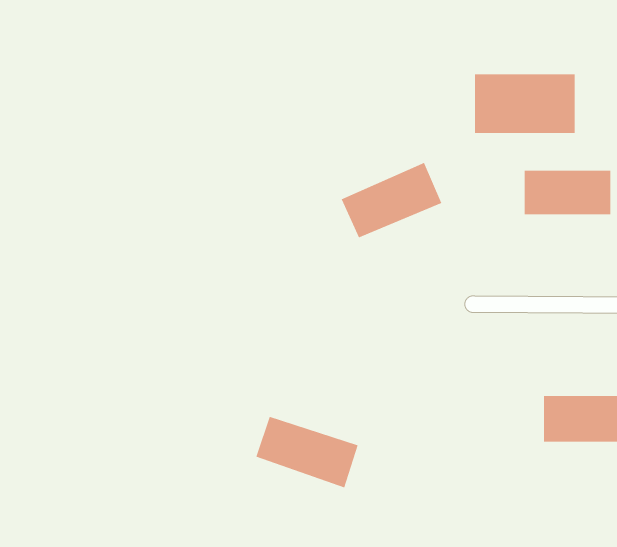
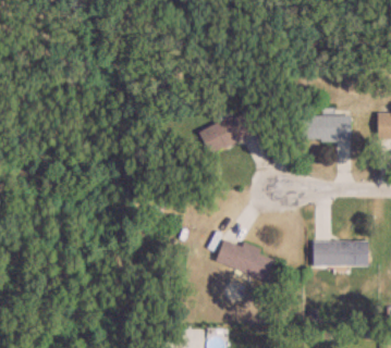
building: [474,74,575,134] -> none
building: [255,416,359,488] -> [217,239,274,279]

